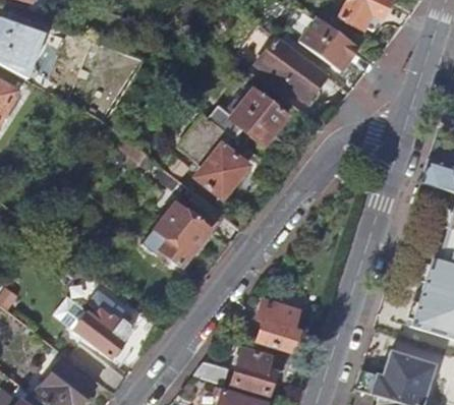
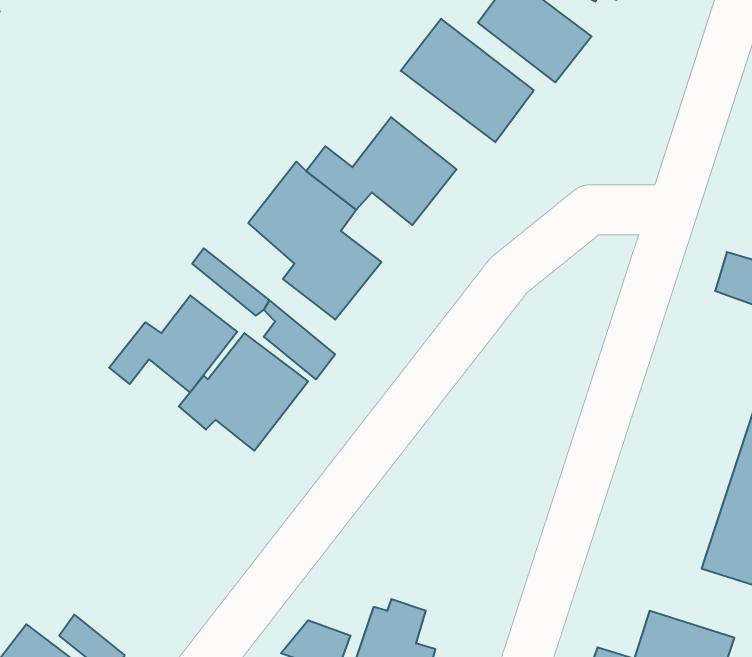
building: none -> [109,295,237,392]
building: [74,290,133,358] -> none
building: [257,300,298,351] -> none

